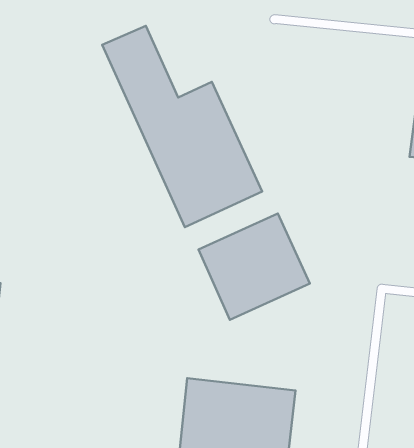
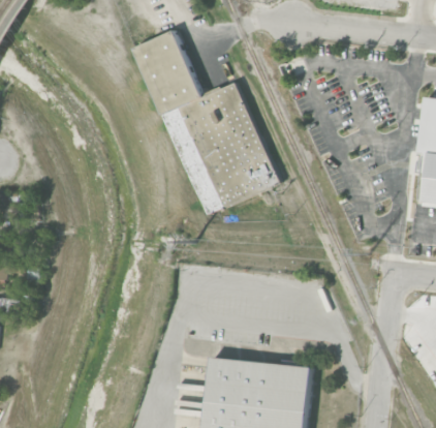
building: [198,213,310,320] -> none

